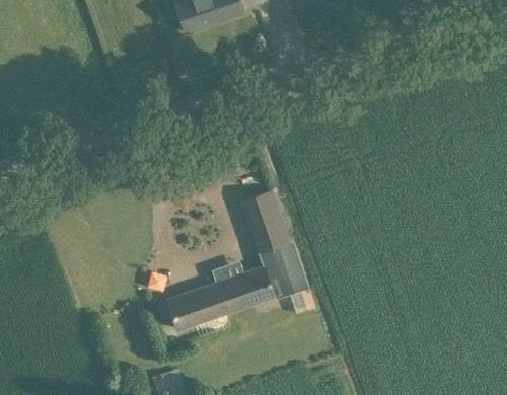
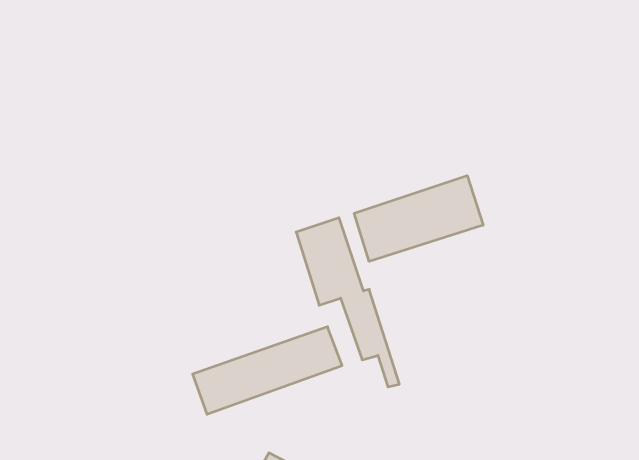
building: none -> [354,176,483,261]

